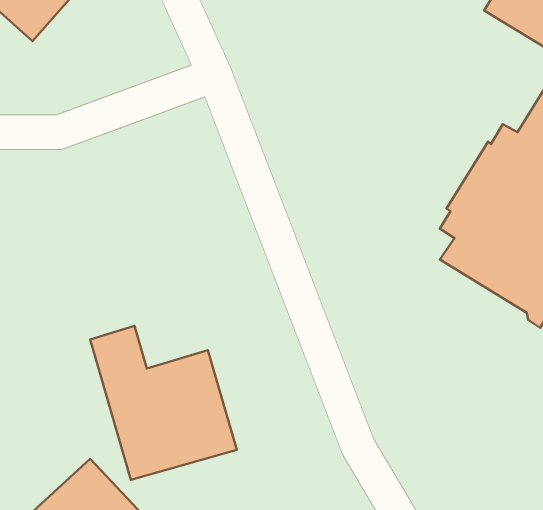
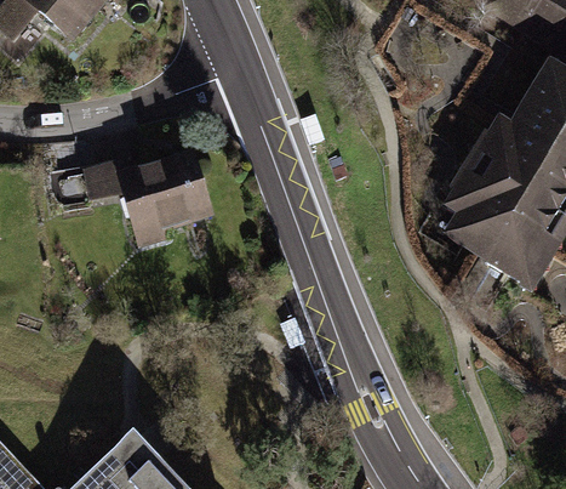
building: none -> [81,153,215,256]
building: [90,326,237,480] -> none

